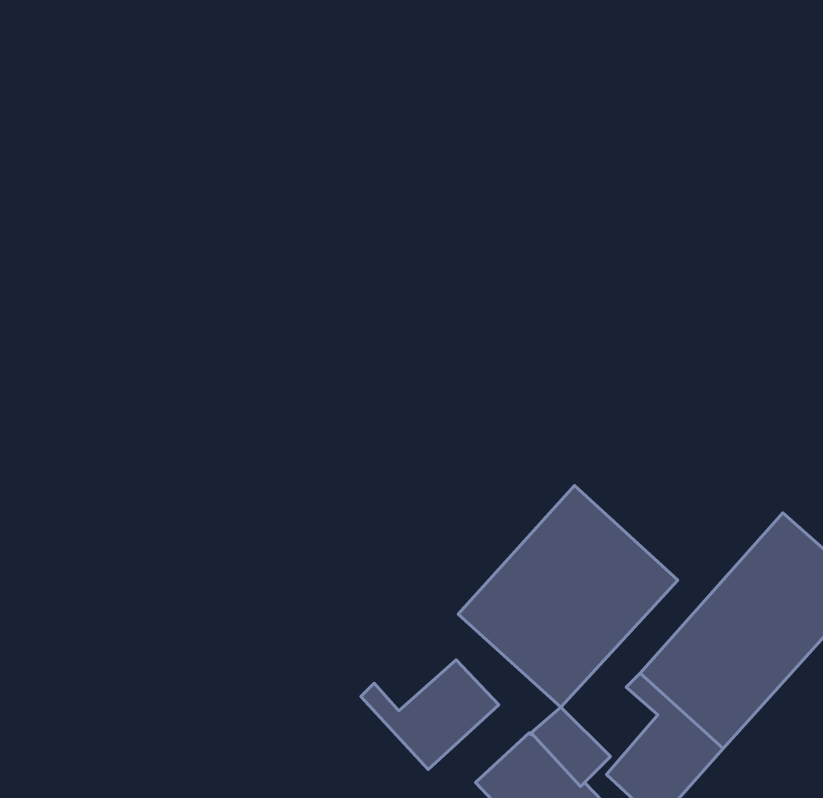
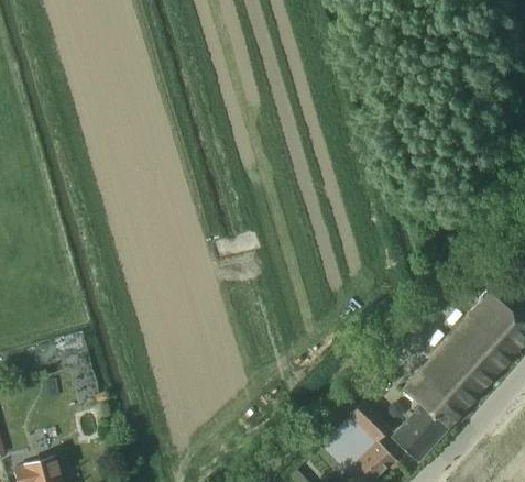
building: [458,485,678,707] -> none
building: [361,660,499,769] -> none

